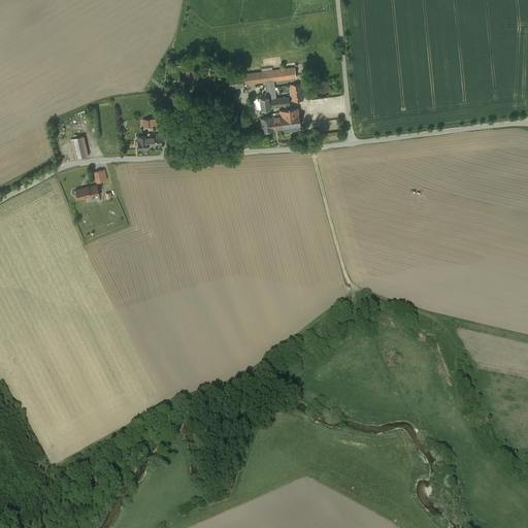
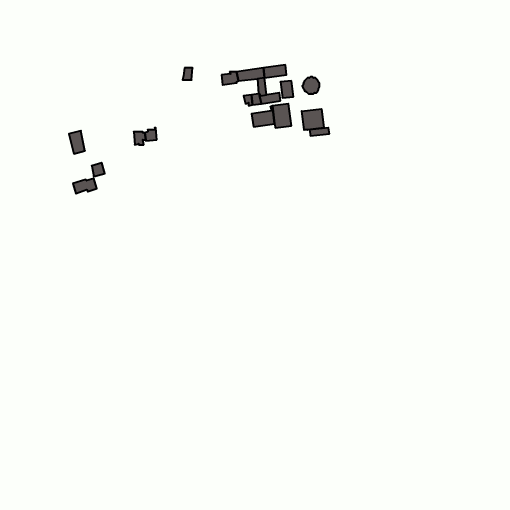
building: none -> [302,109,324,130]

